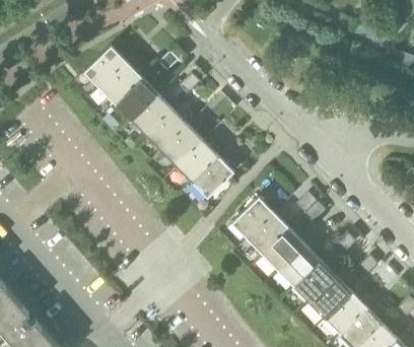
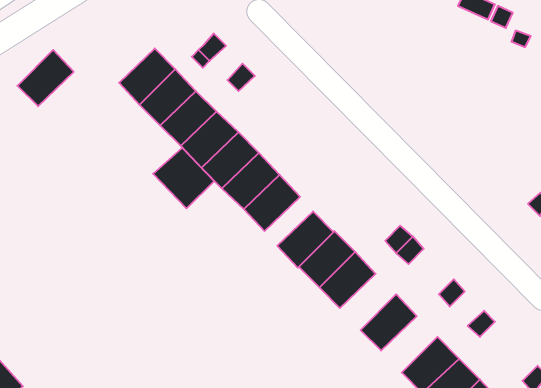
building: [84,46,126,87] -> [17,50,74,106]
building: none -> [153,148,214,208]
building: [263,228,304,270] -> [277,211,334,268]
building: [293,260,335,301] -> none

